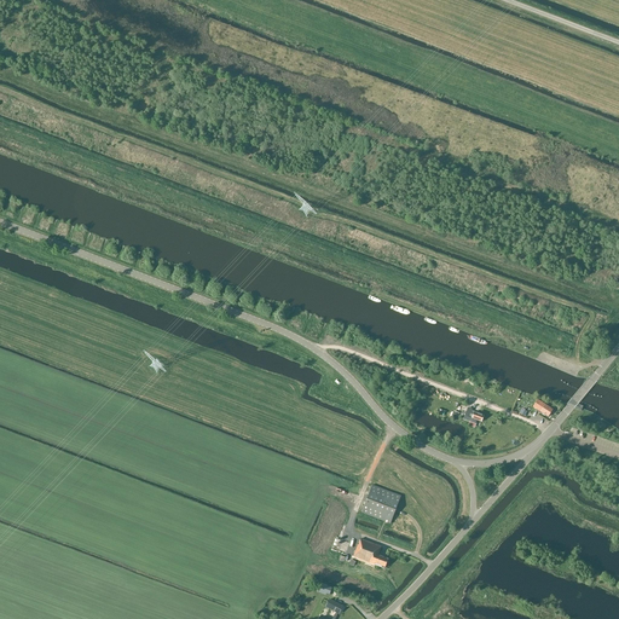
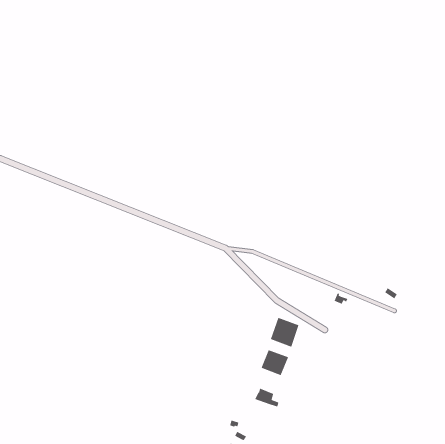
building: none -> [270,317,300,348]

